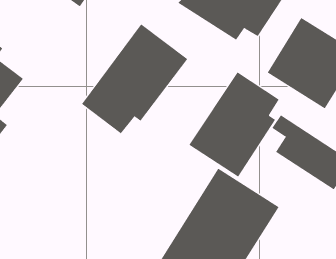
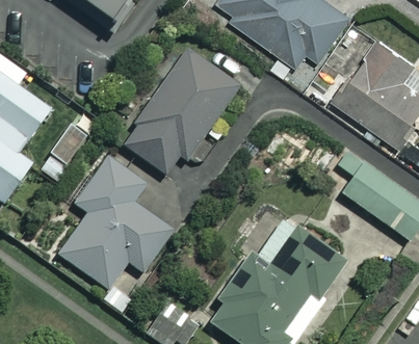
building: [189,72,280,177] -> none
building: none -> [57,153,172,289]

